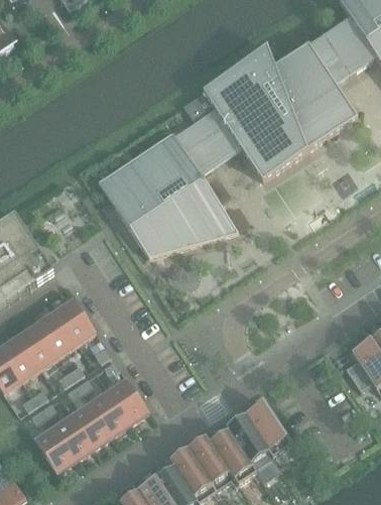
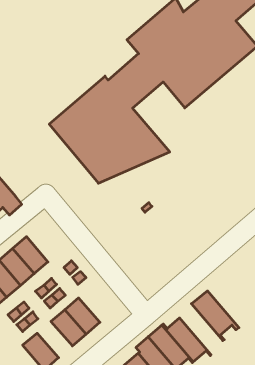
building: [54,298,96,344] -> none
building: [108,378,148,423] -> none
building: [226,414,274,478] -> none
building: [53,415,94,460] -> none

